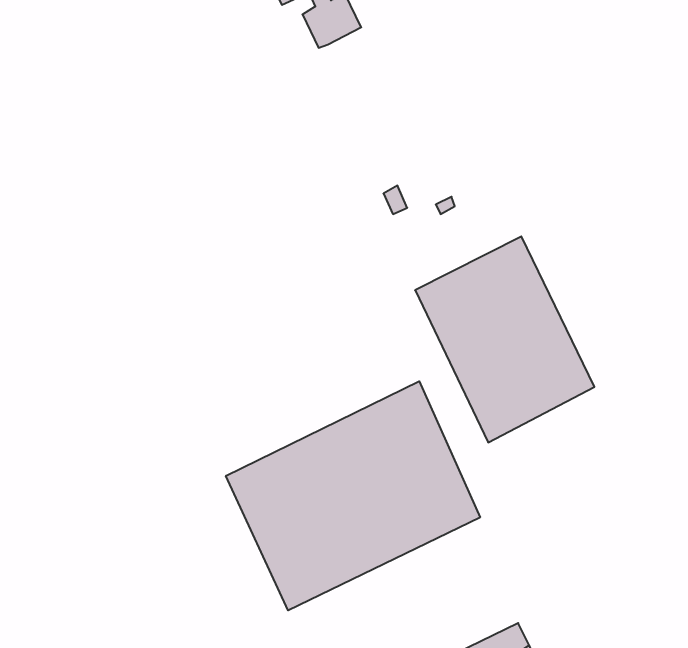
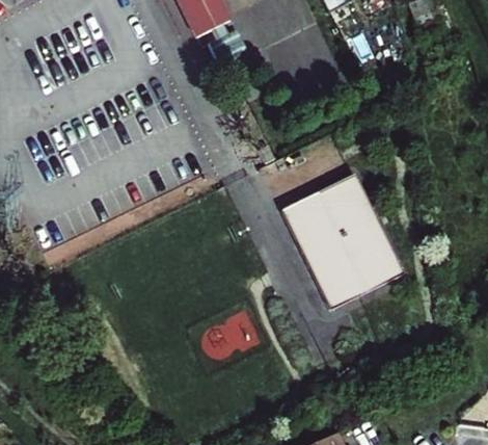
building: [226,381,480,610] -> none

